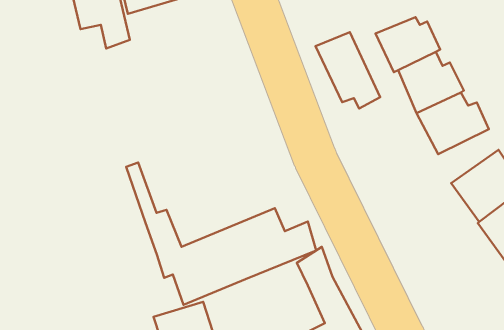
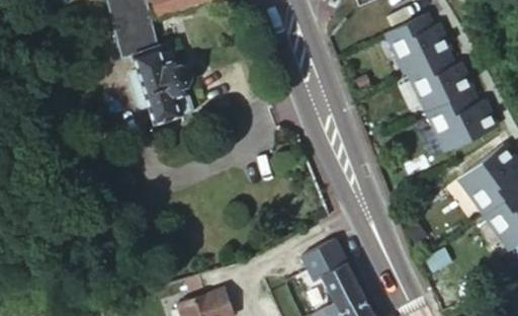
building: [315,32,380,109] -> none
building: none -> [134,38,200,124]
building: [126,163,316,305] -> none

